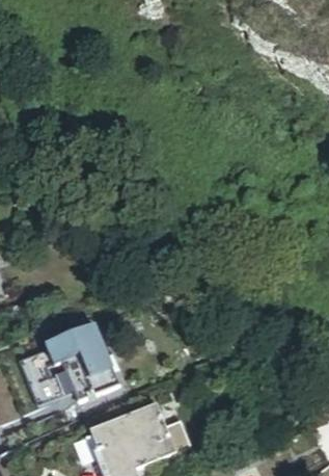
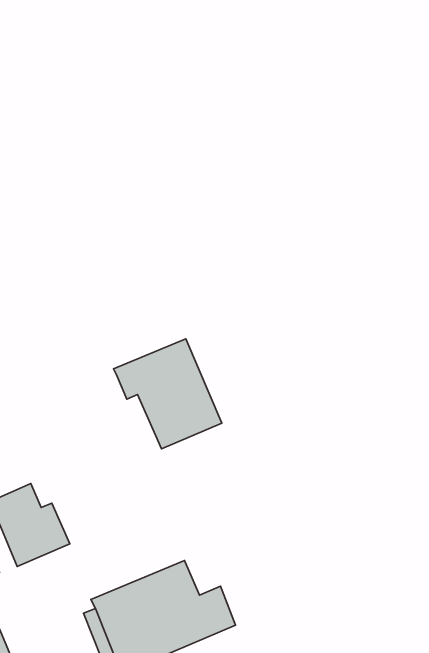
building: [45,323,119,399] -> [113,339,222,449]

